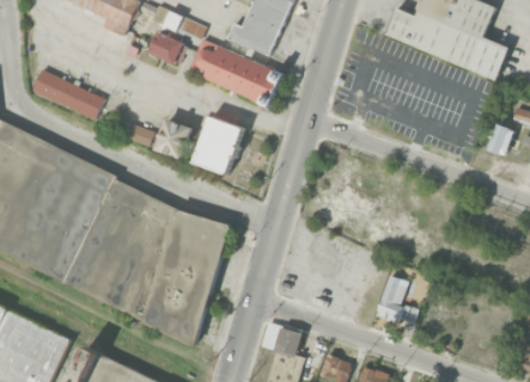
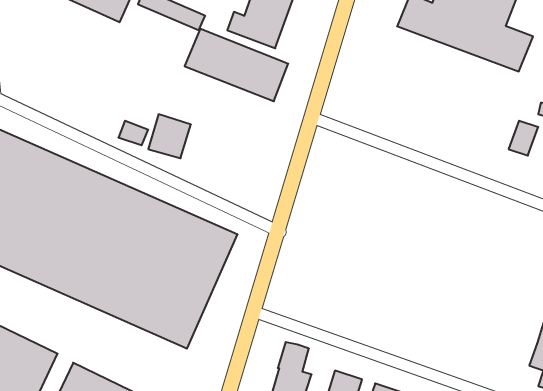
building: [147,32,184,64] -> none
building: [30,69,104,118] -> none
building: [191,116,243,174] -> none
building: [374,275,416,327] -> none

